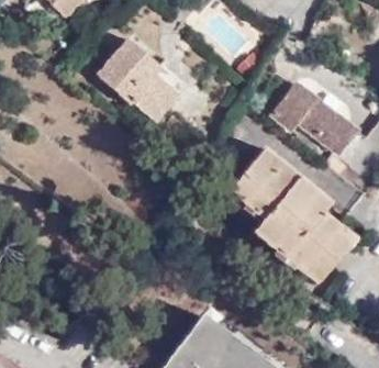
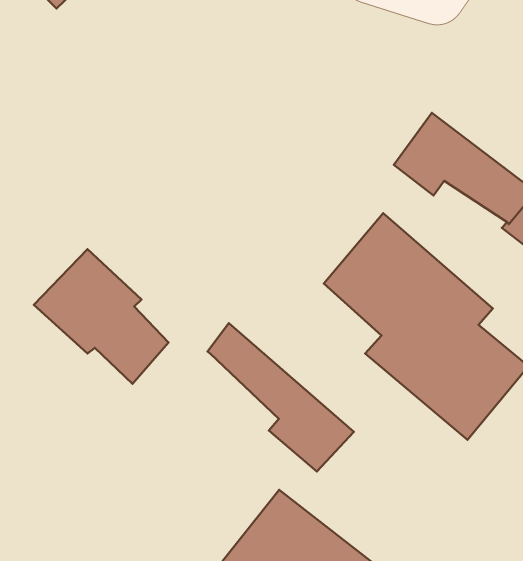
building: [93,42,176,124] -> [34,249,168,384]
building: none -> [207,323,354,471]

